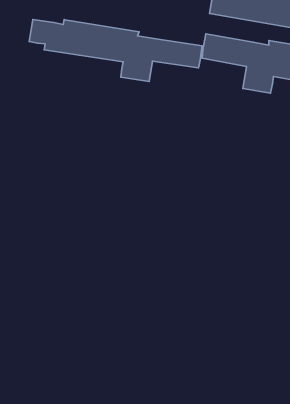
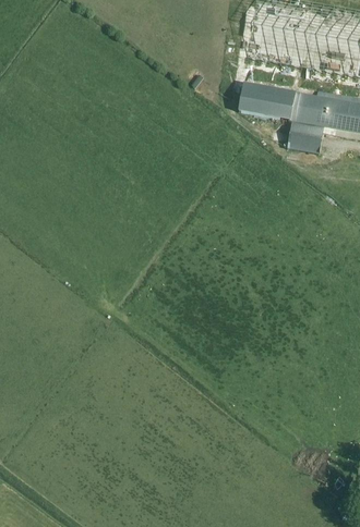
building: [29,19,202,82] -> none

